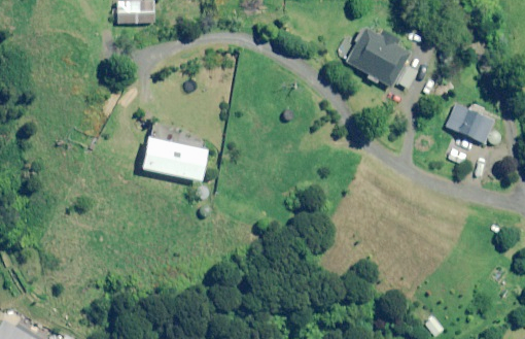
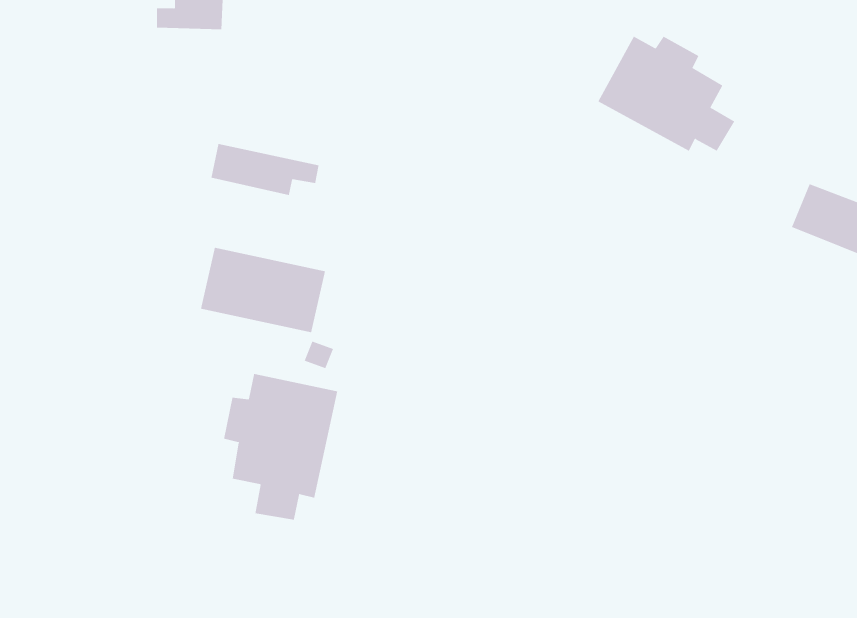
building: none -> [211,143,319,196]
building: none -> [223,373,338,521]

